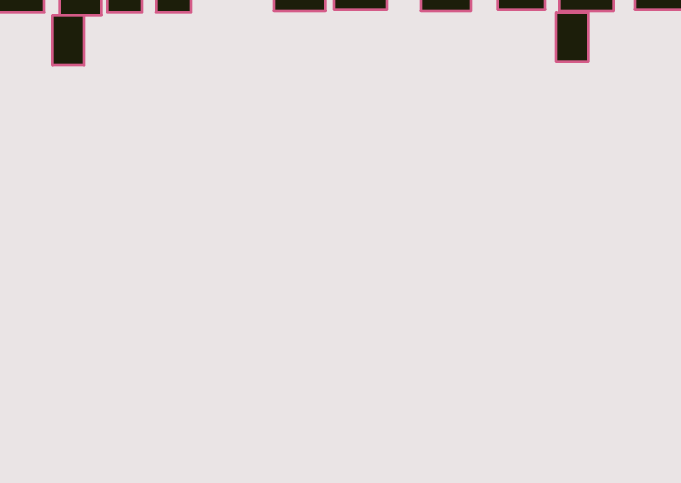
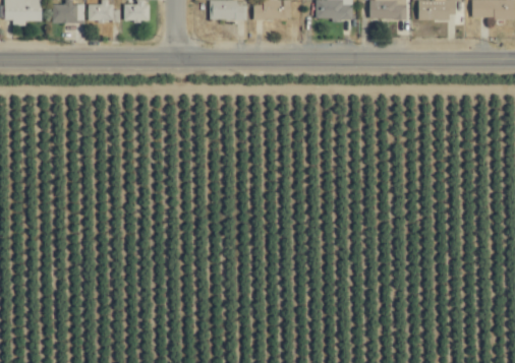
building: [556,12,588,62] -> none
building: [53,15,84,65] -> none

